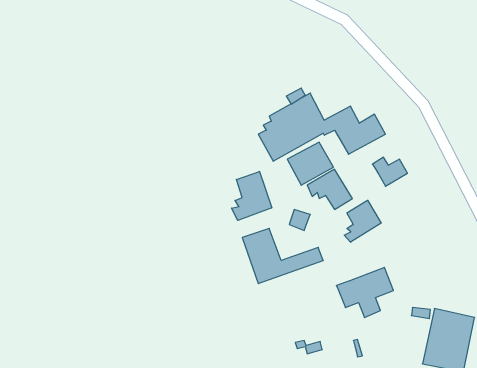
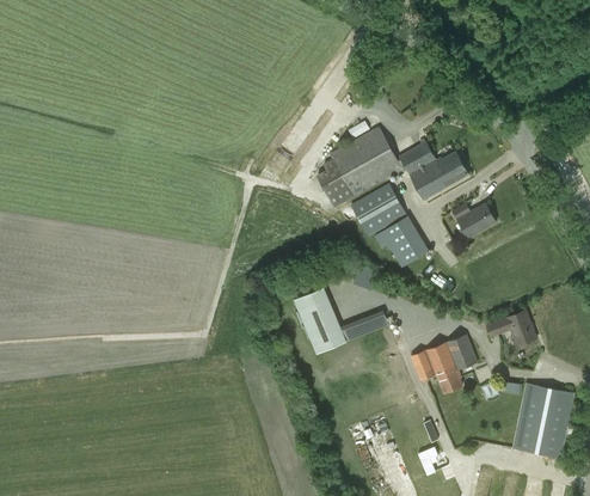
building: [232,171,272,220] -> none
building: [344,200,381,242] -> none
building: none -> [485,311,535,344]

